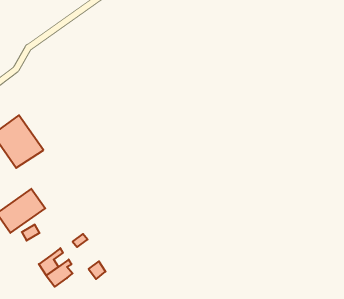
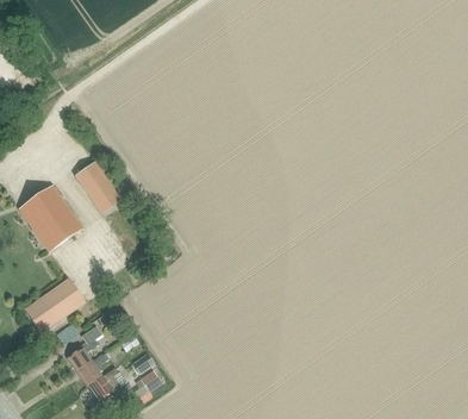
building: none -> [74,161,120,214]
building: none -> [65,326,101,373]

